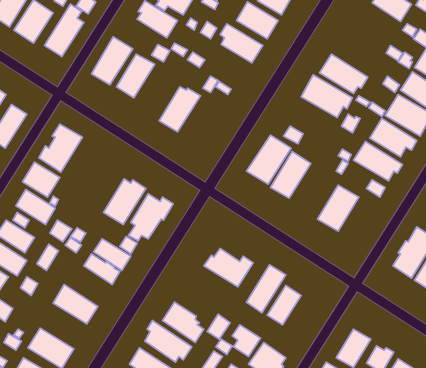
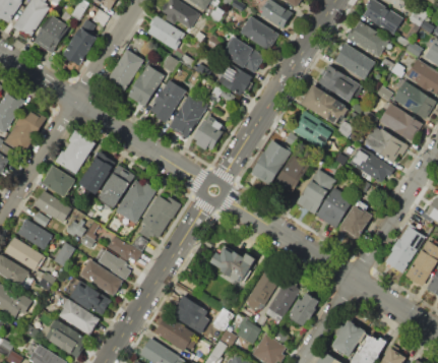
building: none -> [347,20,388,57]
building: none -> [333,43,375,80]
building: none -> [218,66,251,95]
building: none -> [149,79,185,123]
building: none -> [292,111,334,148]
building: none -> [192,116,227,150]
building: none -> [78,152,115,193]
building: none -> [97,166,134,210]
building: none -> [297,168,336,215]
building: none -> [339,200,371,241]
building: none -> [79,259,123,298]
building: none -> [287,294,318,327]
building: none -> [59,299,100,336]

